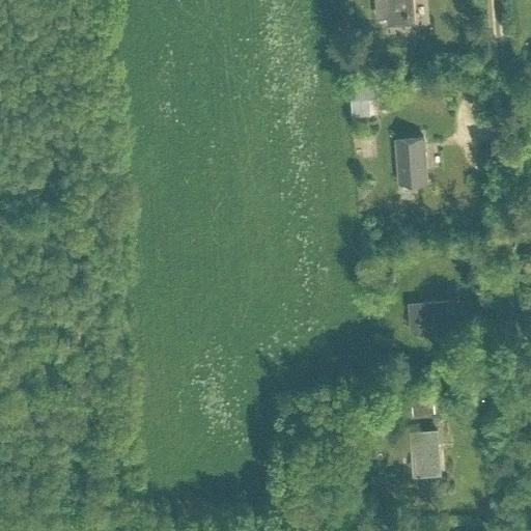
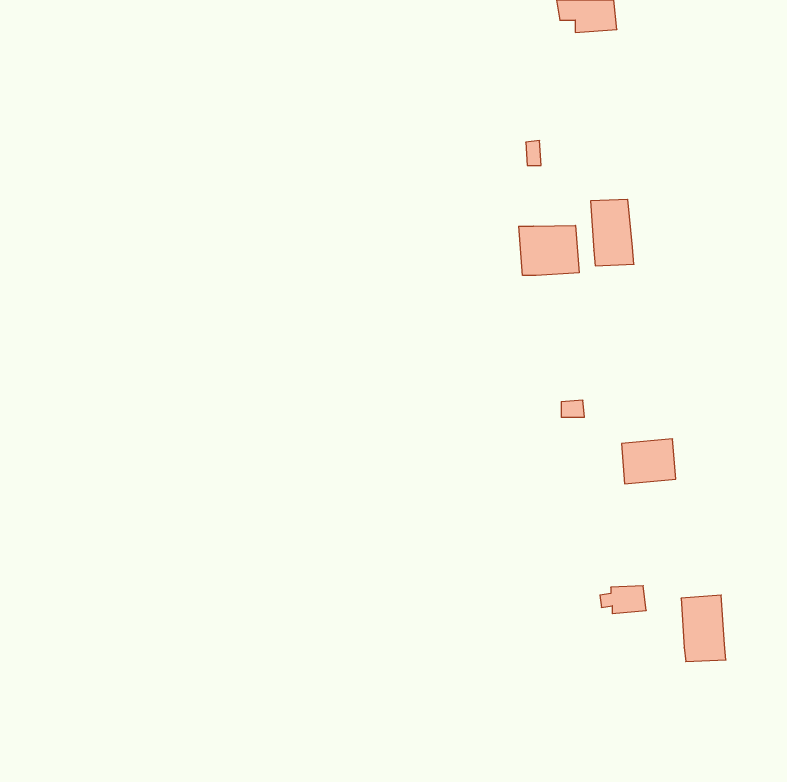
building: none -> [519,225,579,275]
building: [410,430,440,475] -> [681,595,726,662]

